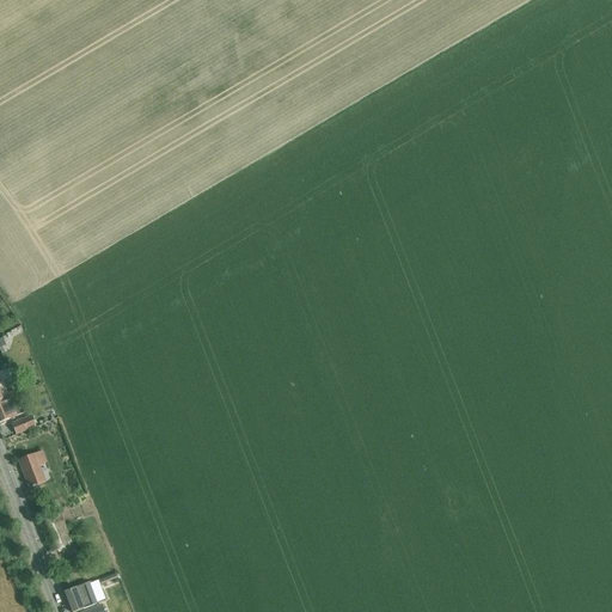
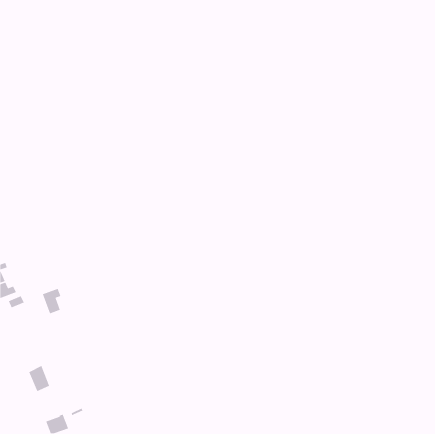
building: [18,449,45,486] -> [42,288,62,314]

